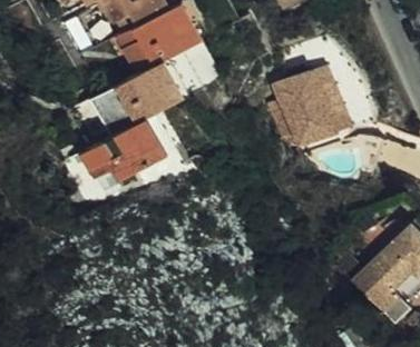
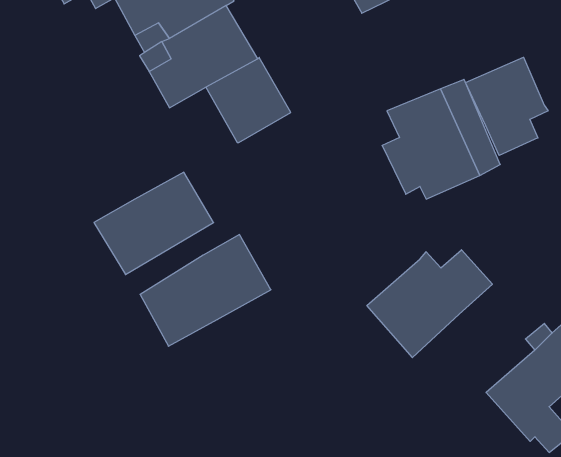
building: none -> [465,57,548,155]
building: [88,62,180,141] -> [140,235,271,346]
building: none -> [367,250,492,358]

